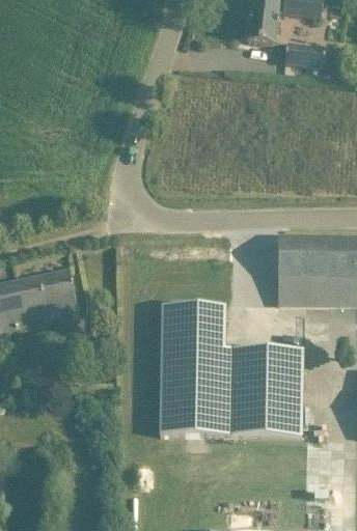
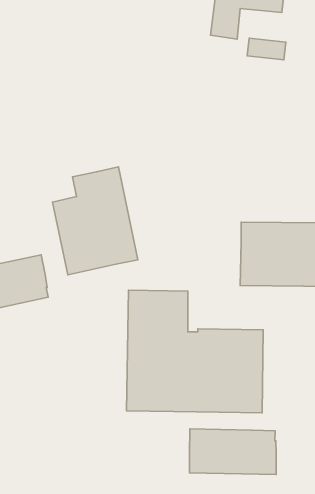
building: none -> [53,167,138,275]
building: none -> [189,429,276,474]

